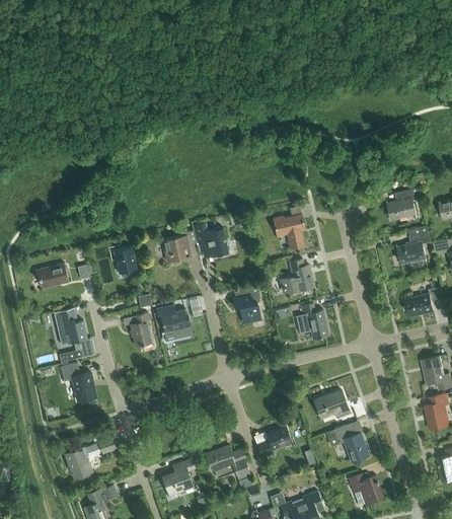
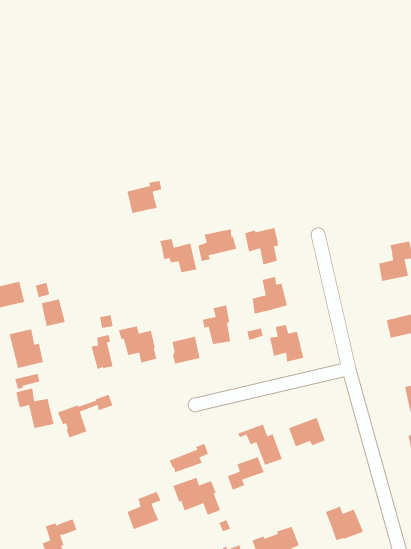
building: [387,188,422,220] -> none
building: none -> [197,229,237,262]
building: [162,230,196,262] -> [126,180,162,214]
building: [114,246,137,273] -> [41,298,66,327]
building: none -> [171,336,201,364]
building: none -> [169,443,209,473]
building: [326,423,369,462] -> [237,423,283,466]
building: [64,436,117,477] -> [57,394,114,438]

